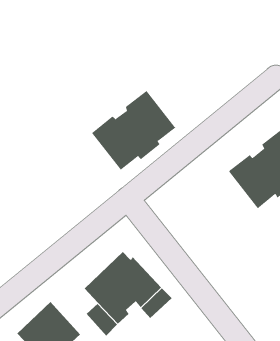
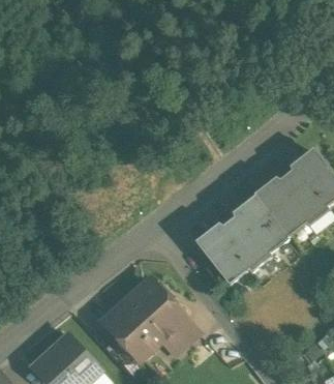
building: [91,90,176,170] -> [199,198,289,283]

